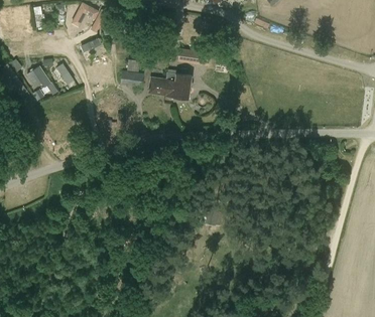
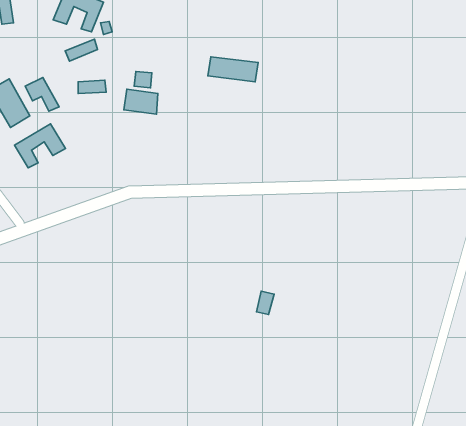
building: [148,68,191,99] -> none
building: none -> [15,124,66,168]

